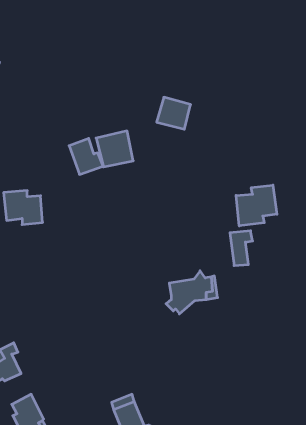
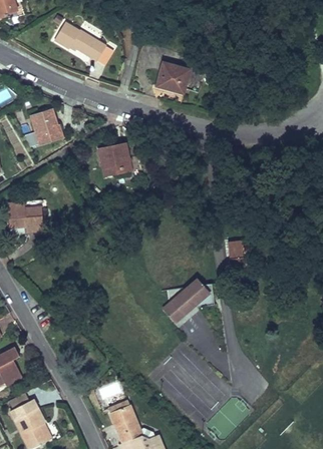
building: none -> [53,22,105,59]
building: [157,97,191,129] -> [153,61,187,92]
building: [69,138,103,174] -> [30,109,63,144]
building: [236,185,277,226] -> none

